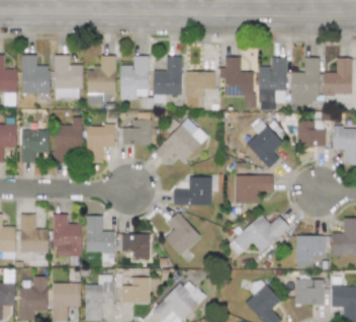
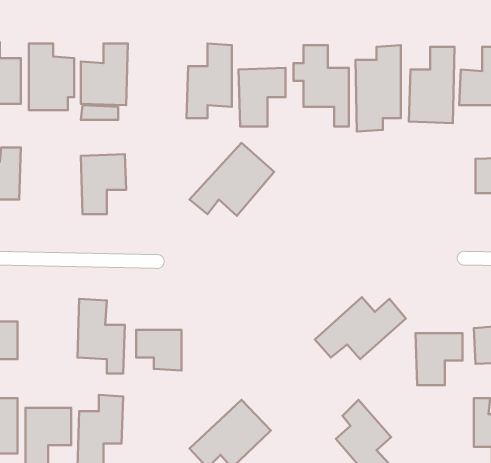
building: [120,56,149,98] -> none
building: [54,116,82,162] -> none
building: [122,119,151,145] -> none
building: [246,120,283,168] -> none
building: [297,120,325,146] -> none
building: [235,175,273,204] -> none
building: [174,177,211,205] -> none
building: [164,212,200,255] -> none
building: [53,214,81,256] -> none
building: [121,277,150,303] -> none
building: [295,278,324,305] -> none

